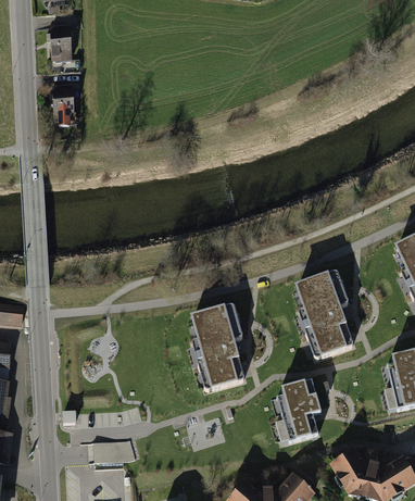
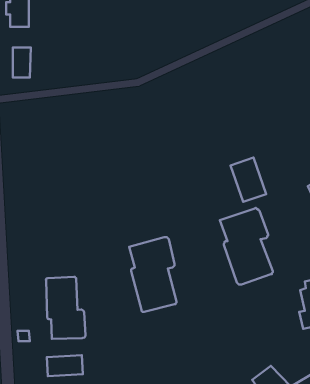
building: none -> [231,158,266,202]
building: none -> [46,277,86,339]
building: [274,377,320,442] -> none

